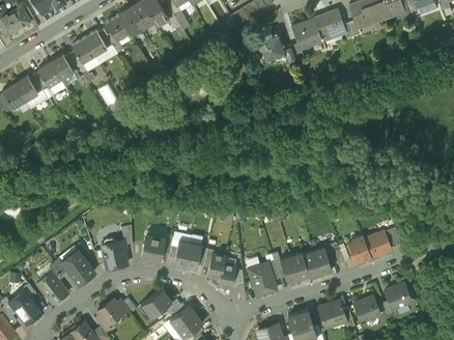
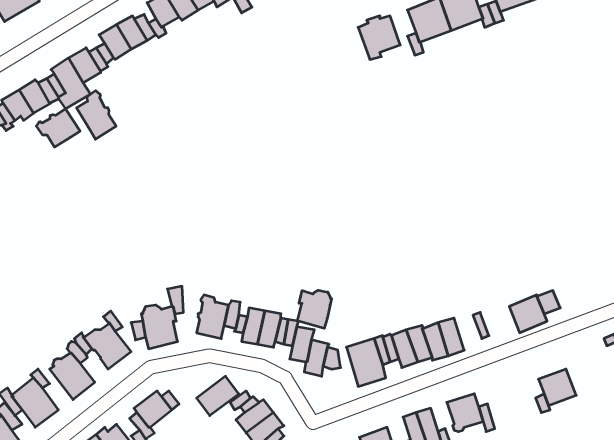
building: none -> [77,91,116,139]
building: none -> [36,109,80,147]
building: none -> [297,290,332,328]
building: [346,235,371,263] -> none
building: [353,296,380,322] -> none

